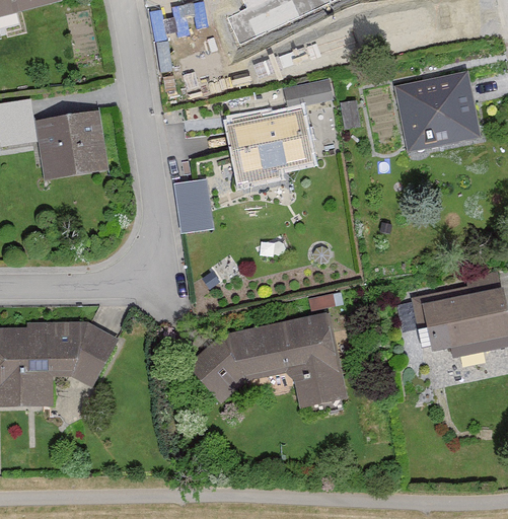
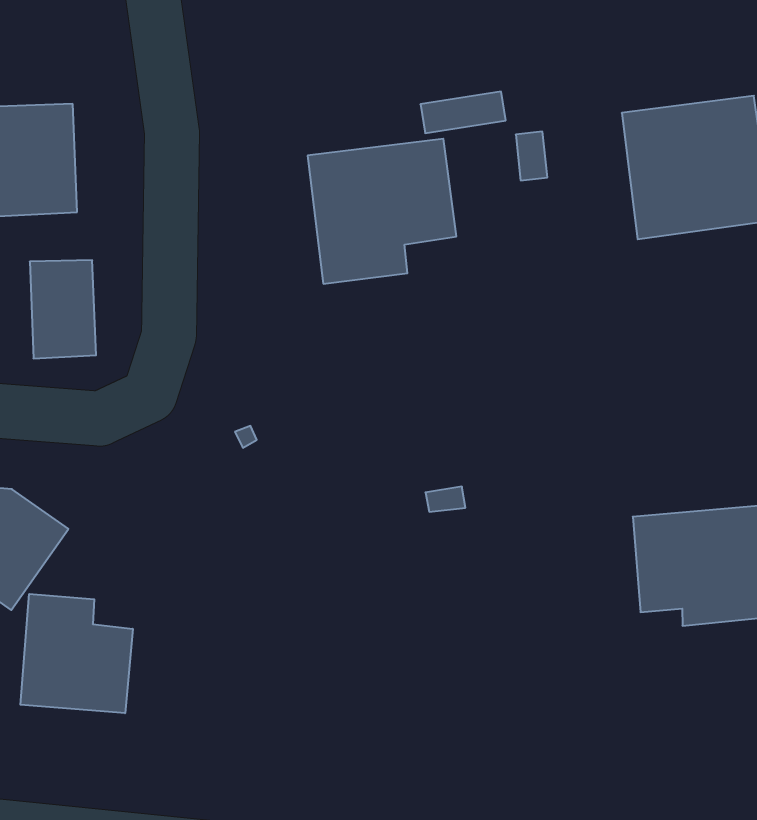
building: [178,170,219,226] -> [30,260,96,358]
building: [188,312,347,414] -> none
building: none -> [20,594,133,713]

